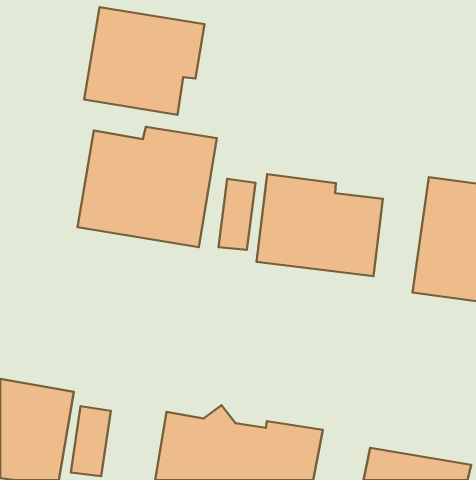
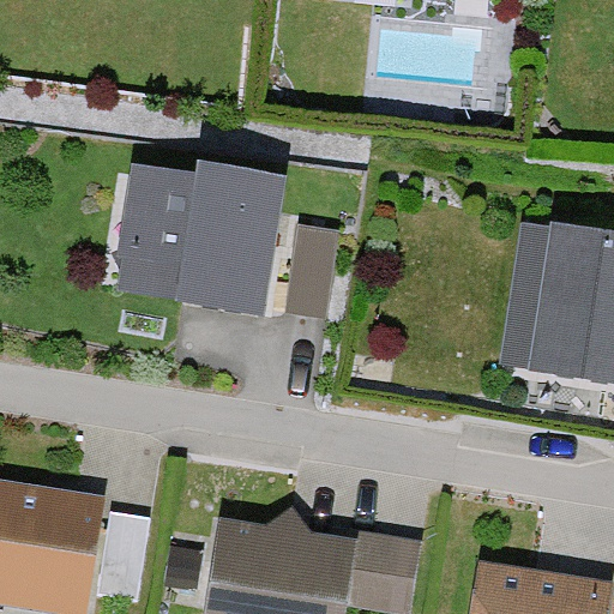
building: [84,7,205,115] -> none
building: [257,174,383,276] -> none

